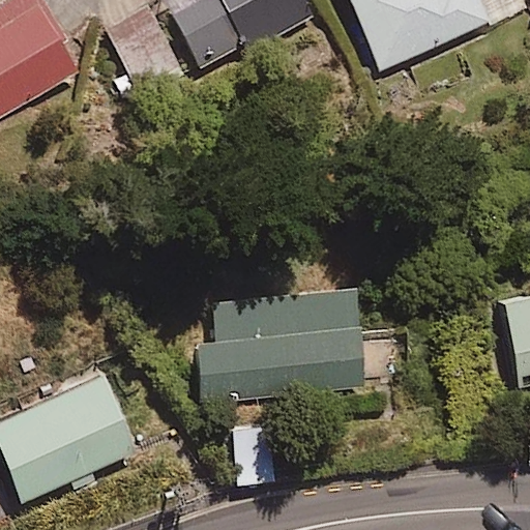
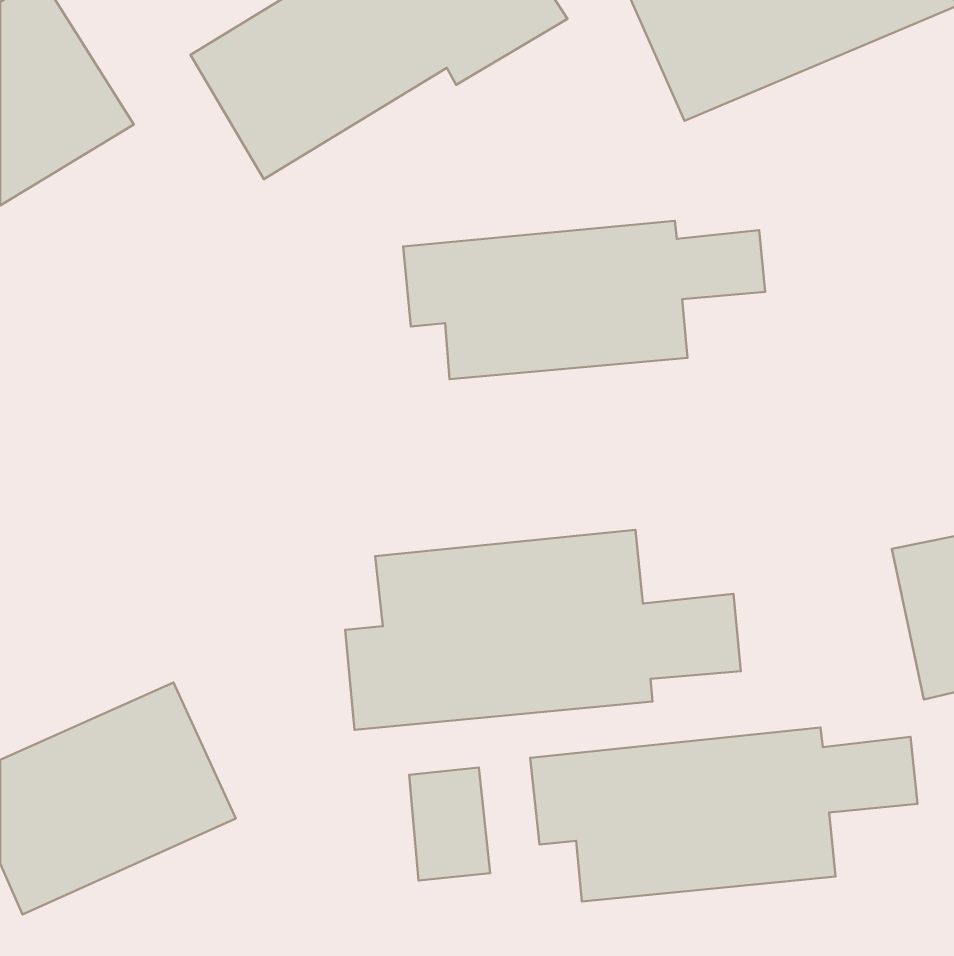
building: none -> [403,221,765,379]
building: none -> [530,727,917,902]

